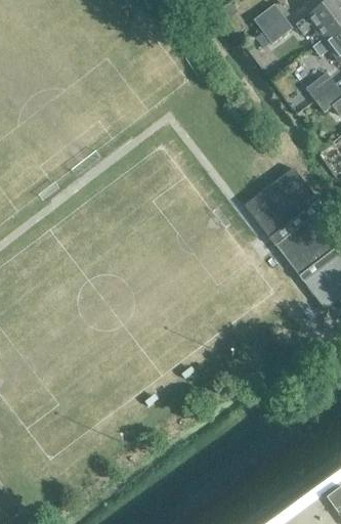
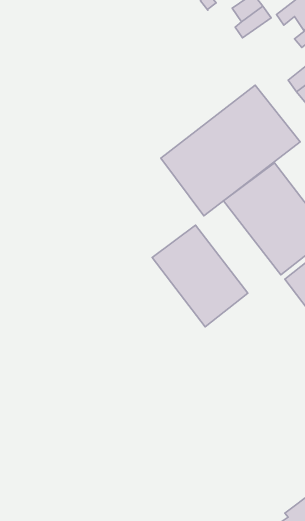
building: none -> [161,85,300,216]
building: none -> [152,225,248,327]

